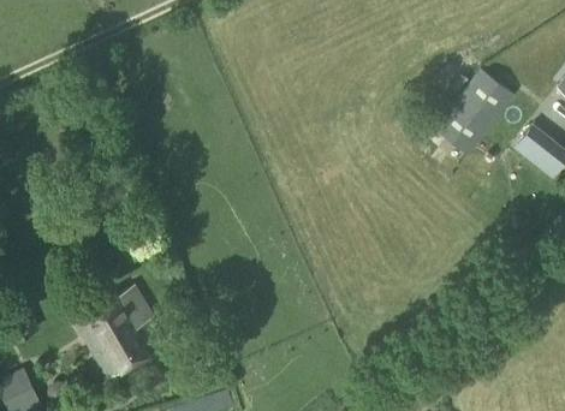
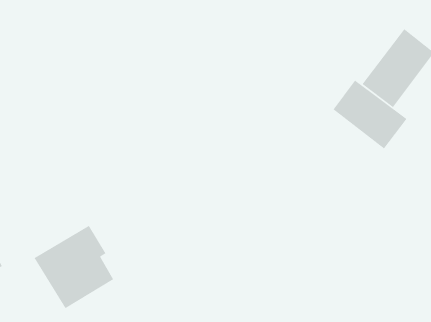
building: none -> [333,79,407,150]

